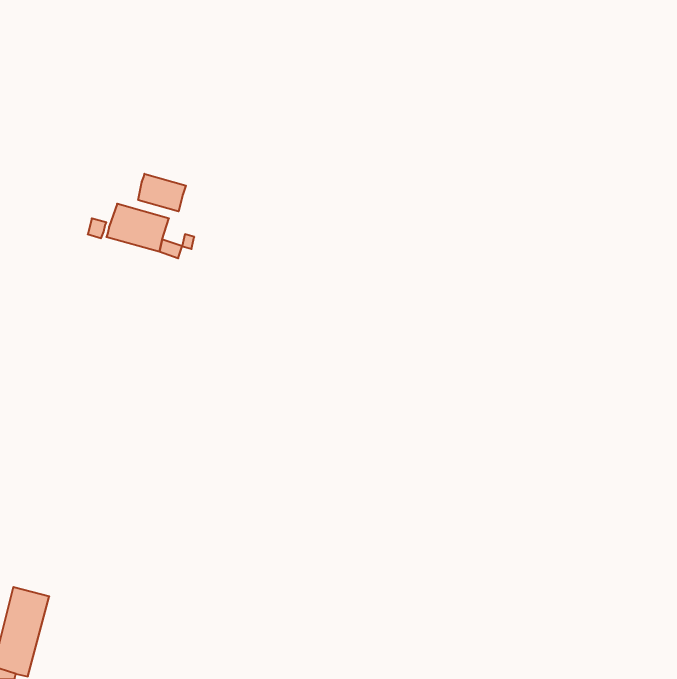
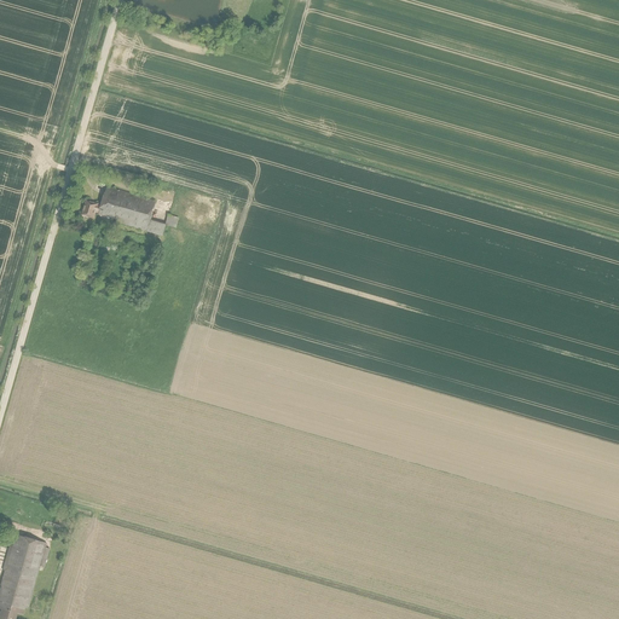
building: [138,174,186,211] -> none

